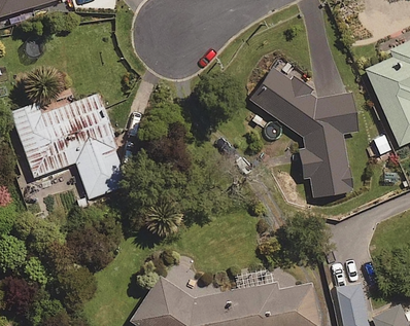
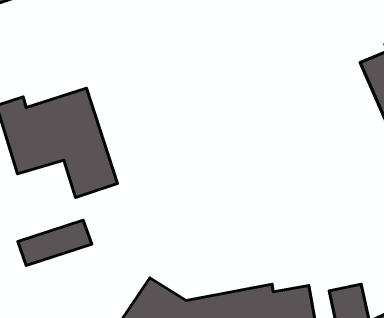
building: [249,69,355,197] -> none
building: none -> [18,220,92,266]

